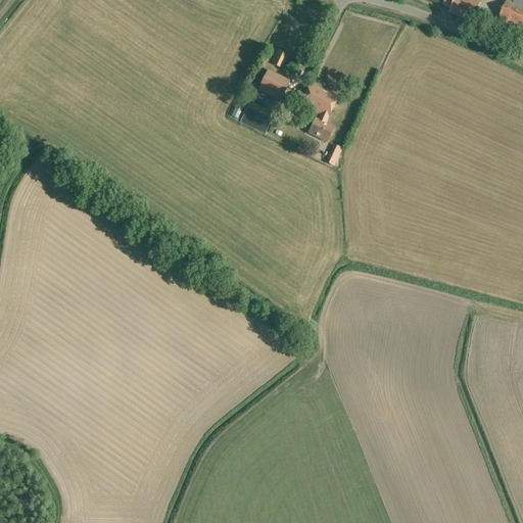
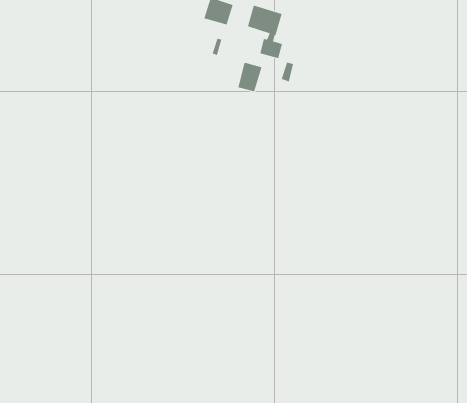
building: none -> [238,62,262,92]

